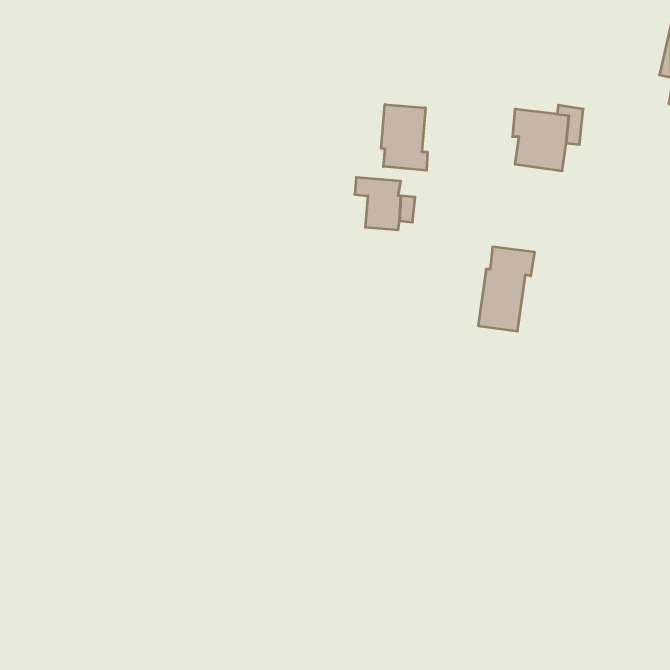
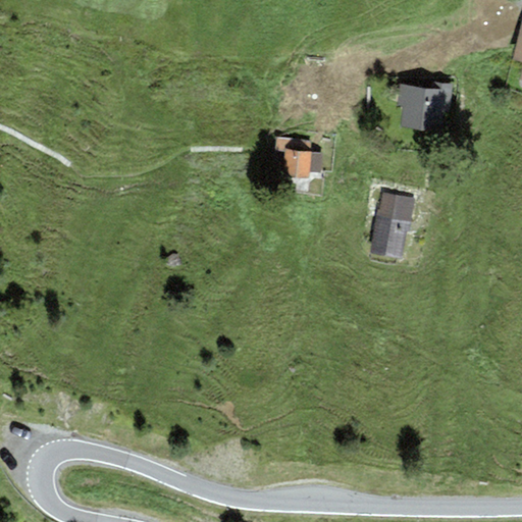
building: [381,104,427,170] -> none

